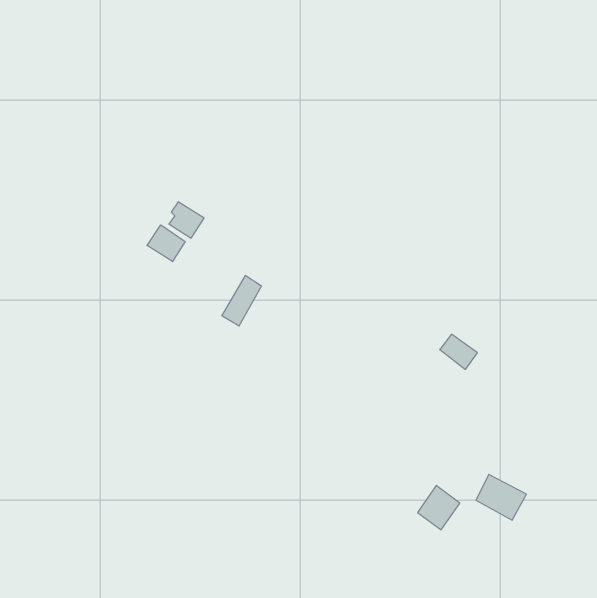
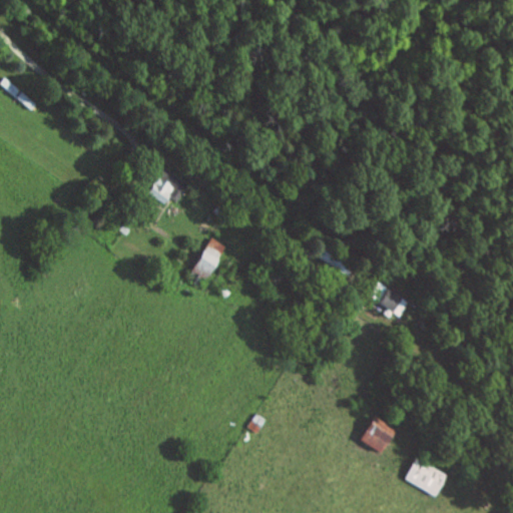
building: [147,225,185,262] -> none
building: [476,474,526,520] -> [405,458,448,497]

